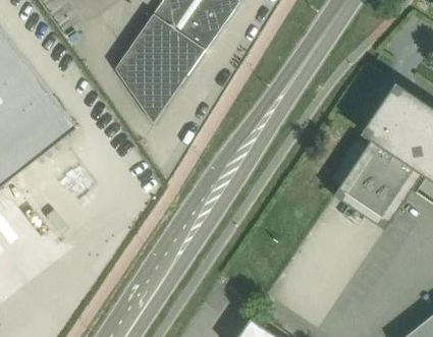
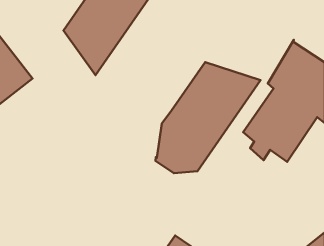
building: none -> [156,62,261,173]

